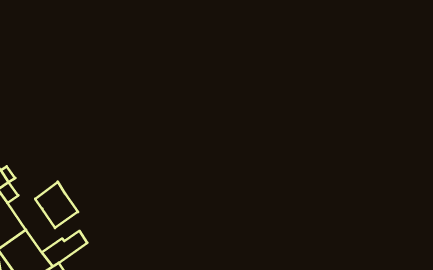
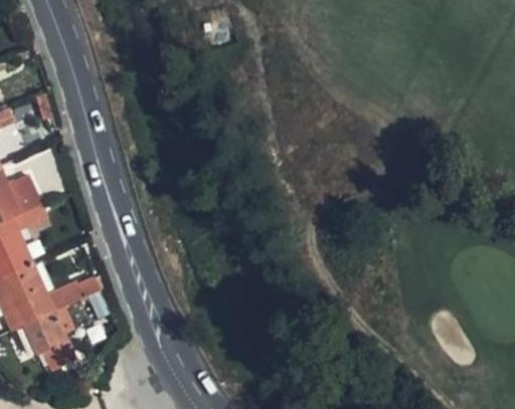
building: [35,182,78,228] -> none

